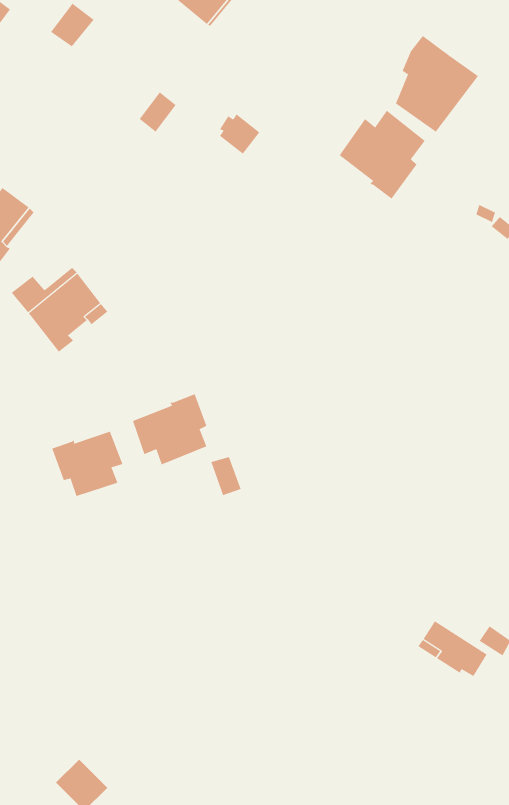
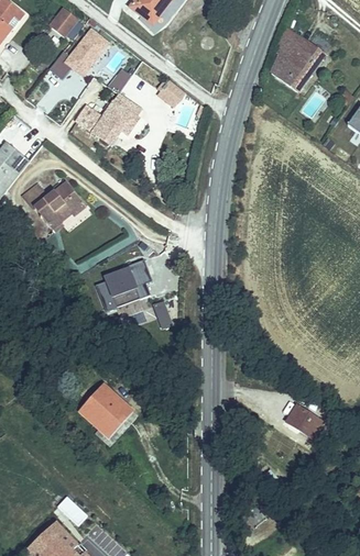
building: none -> [48,30,108,79]
building: [339,110,426,200] -> none
building: none -> [75,93,142,145]
building: [52,431,123,497] -> none
building: none -> [84,389,128,433]

